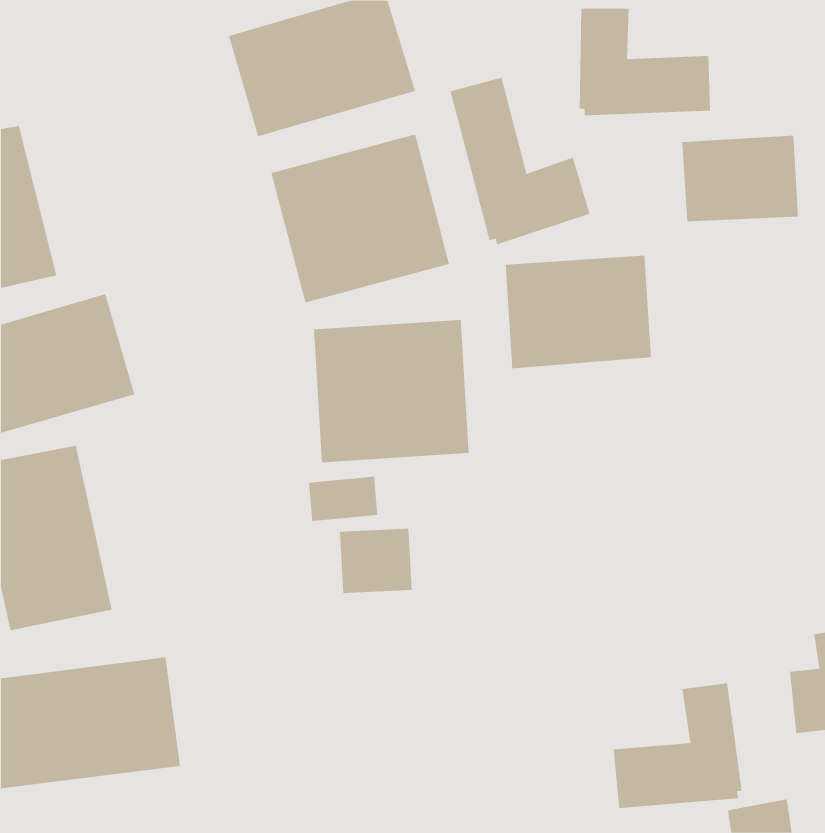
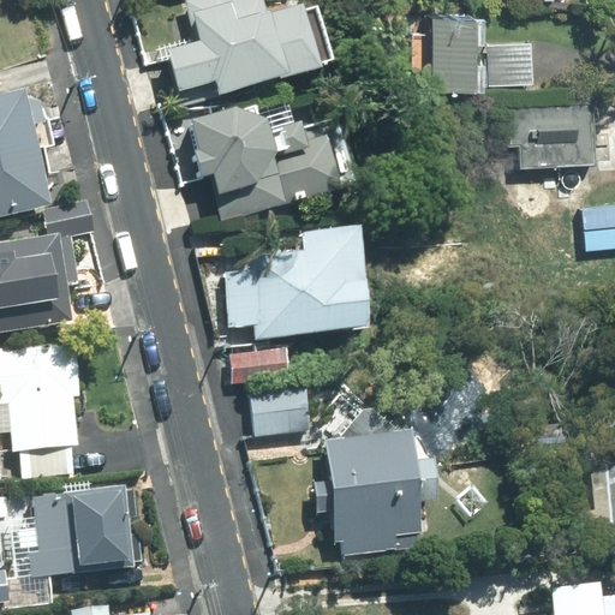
building: [450,77,590,245] -> none
building: [505,255,651,369] -> none
building: none -> [310,440,426,555]
building: [613,683,742,809] -> none

